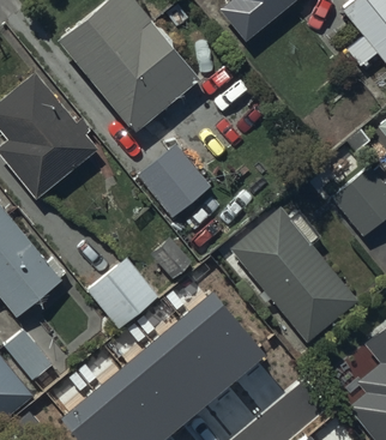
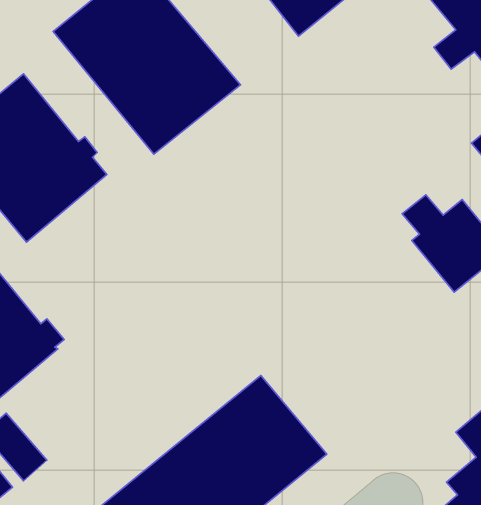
building: [138,144,212,219] -> none
building: [229,207,356,342] -> none
building: [88,258,159,329] -> none

